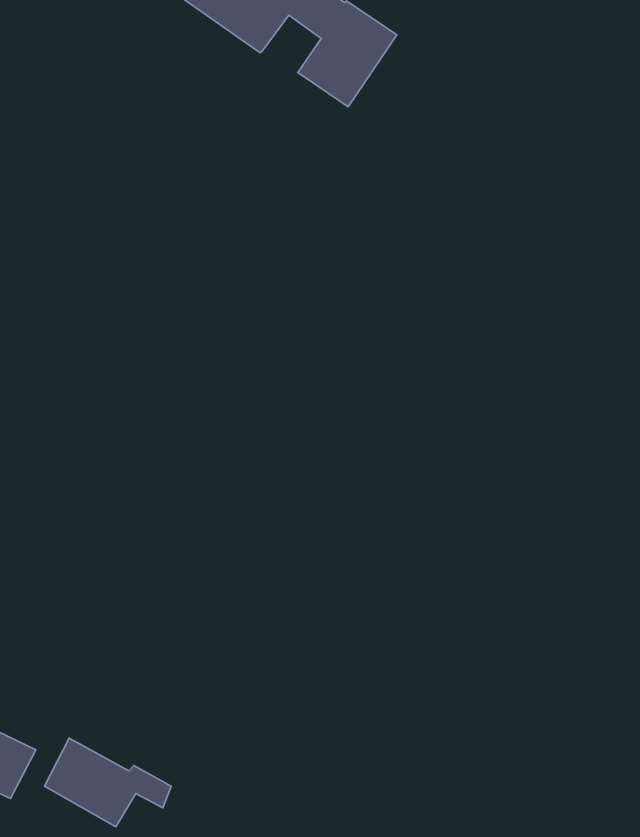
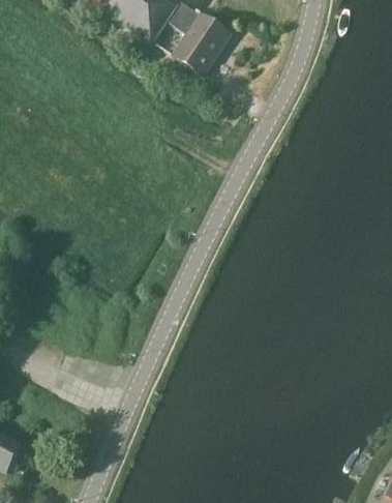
building: [44,738,171,827] -> none

